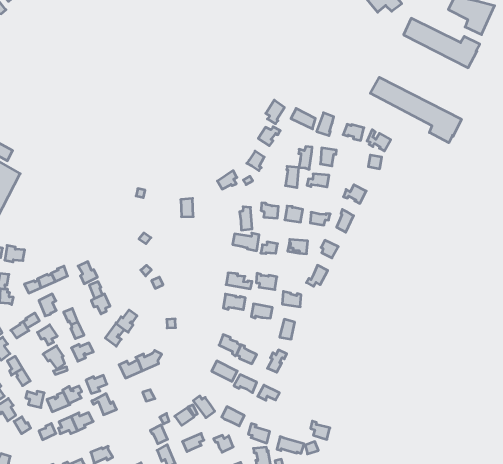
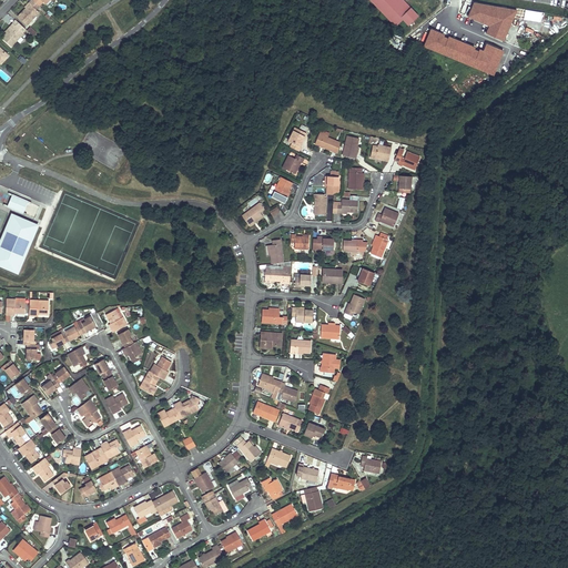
building: [370,77,461,143] -> none

